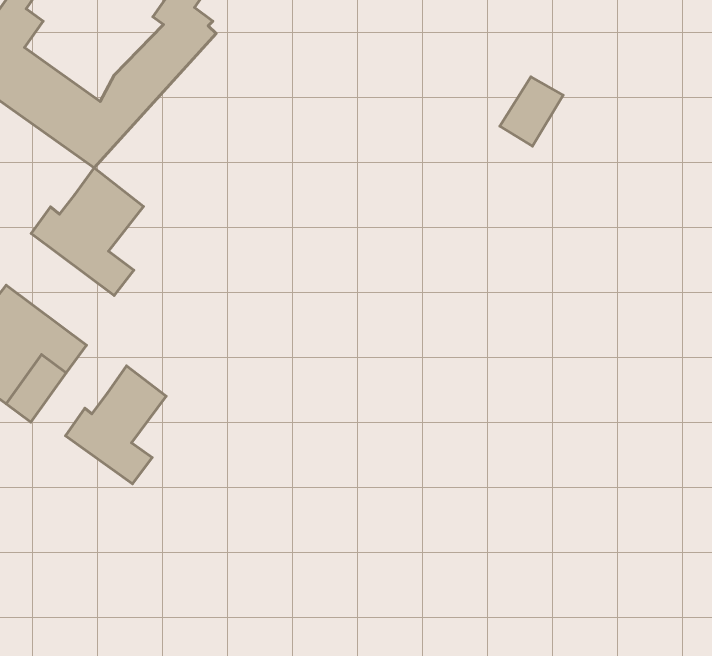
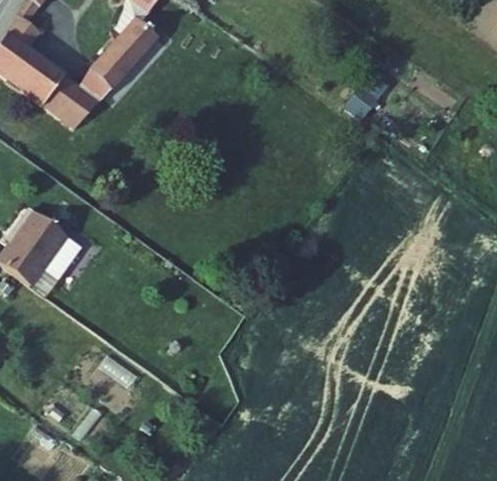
building: [31,168,144,296] -> none
building: [66,366,166,484] -> none

